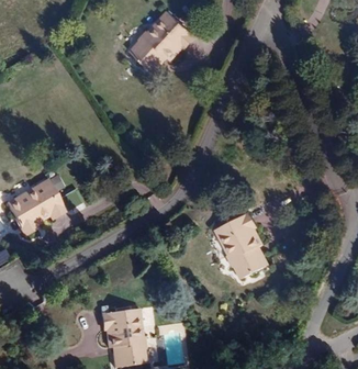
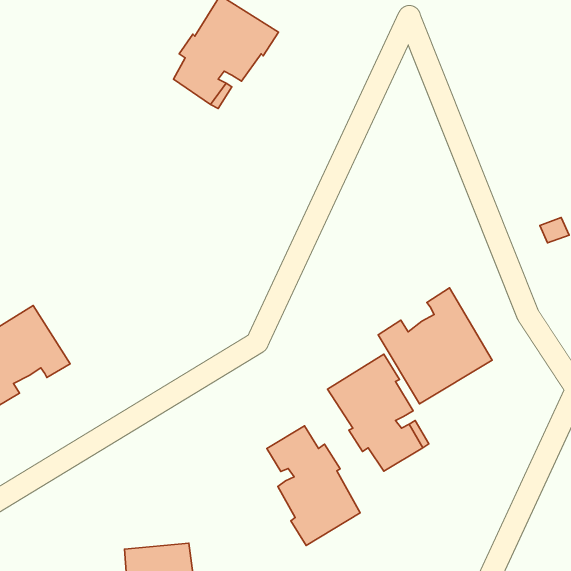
building: none -> [378,288,492,404]
building: none -> [267,426,360,545]

